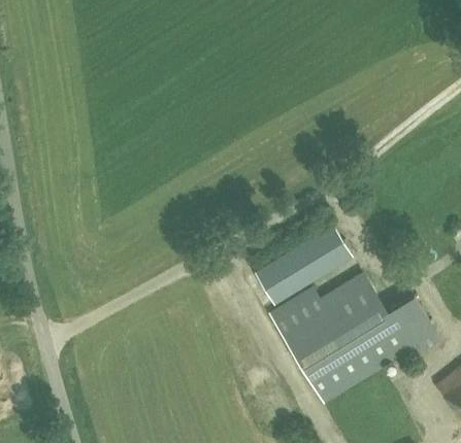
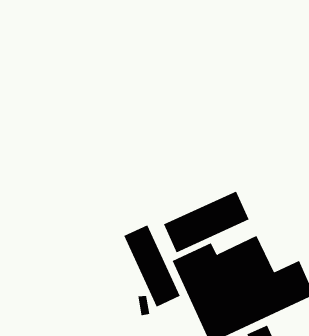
building: none -> [124,224,180,307]

